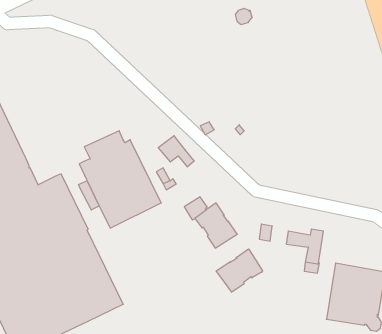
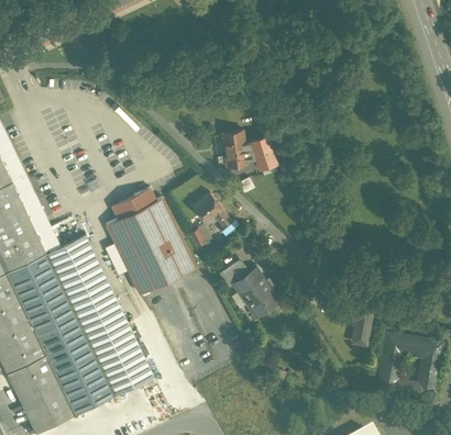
building: none -> [221,129,275,165]
building: [216,249,263,292] -> none

